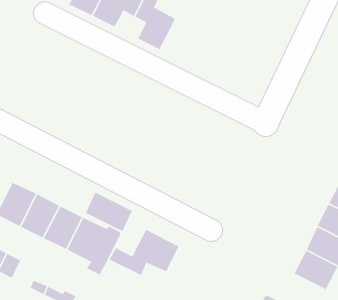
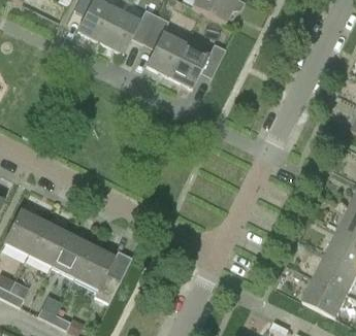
building: none -> [168,43,226,89]
building: [85,192,133,232] -> none
building: [109,229,179,276] -> none

